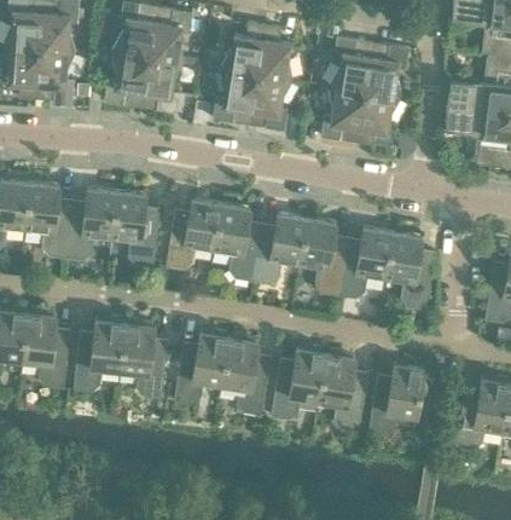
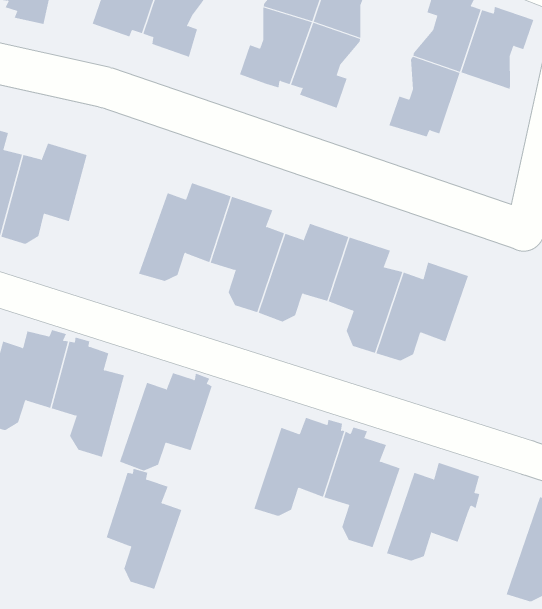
building: [356,93,400,149] -> none
building: [111,192,159,268] -> none
building: [384,232,434,311] -> none
building: [221,334,271,415] -> [106,468,182,589]

